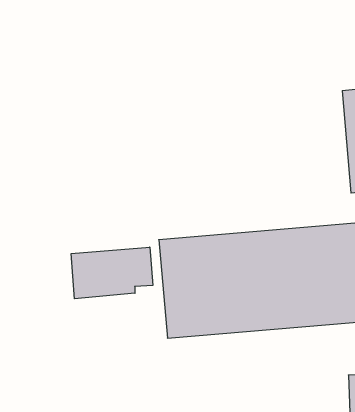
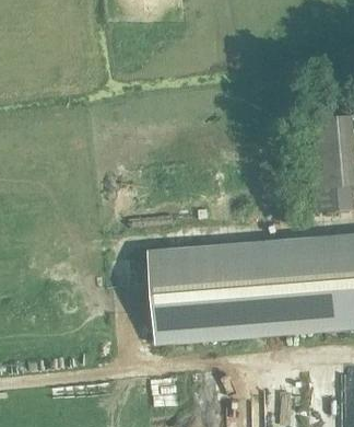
building: [71,247,153,299] -> none

